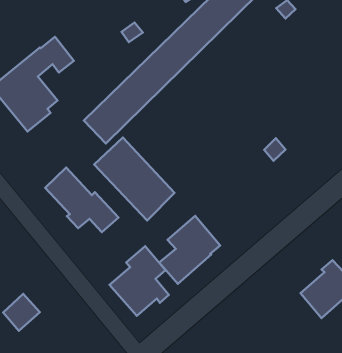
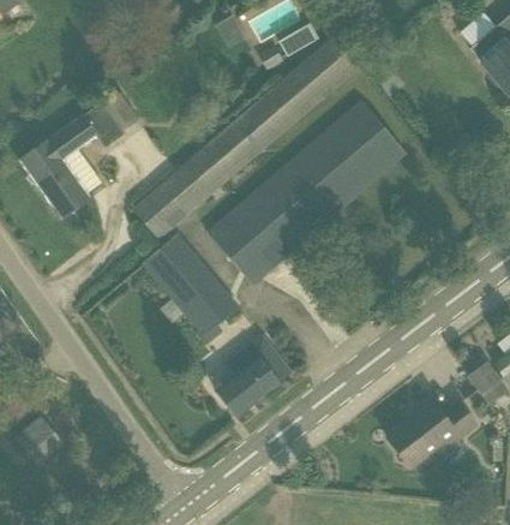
building: none -> [206,100,406,284]
building: [45,167,119,232] -> none
building: [110,246,169,316] -> none

